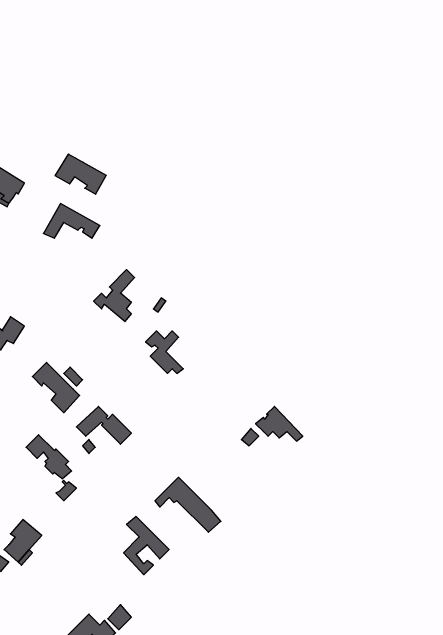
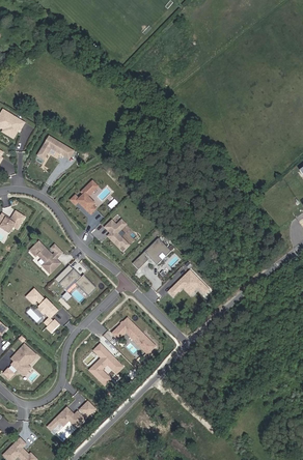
building: [55,154,106,194] -> none
building: none -> [132,237,170,268]

